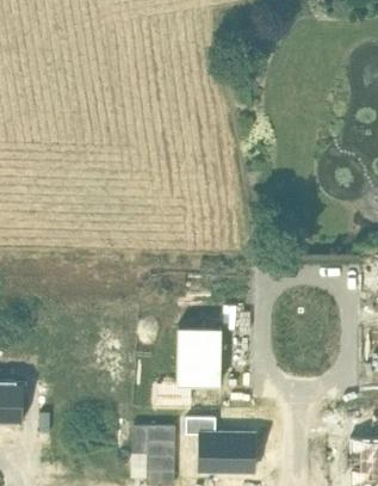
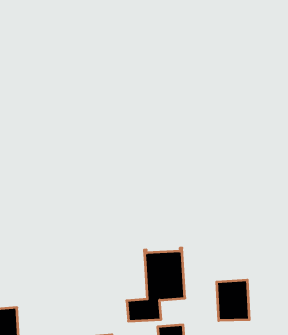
building: none -> [217,280,249,321]

